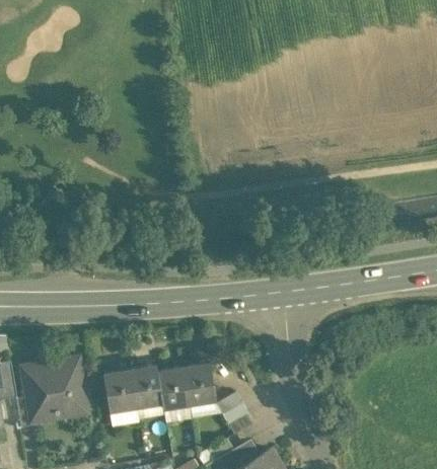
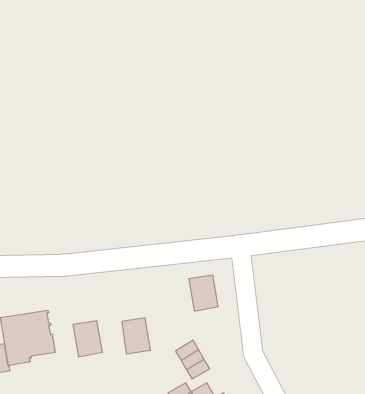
building: [184,365,216,404] -> [189,275,218,311]
building: [131,367,162,406] -> none

